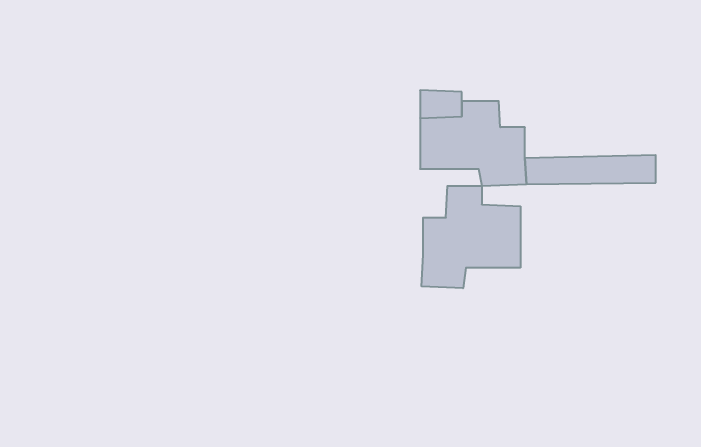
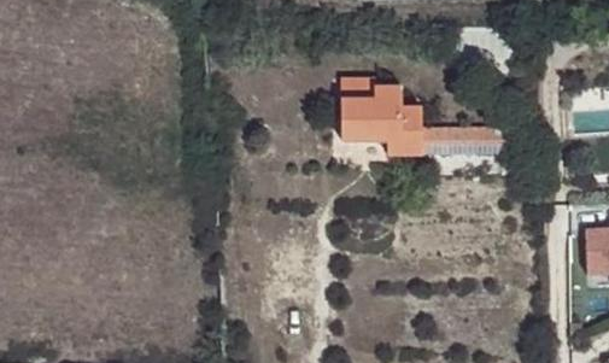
building: [422,186,520,288] -> none

